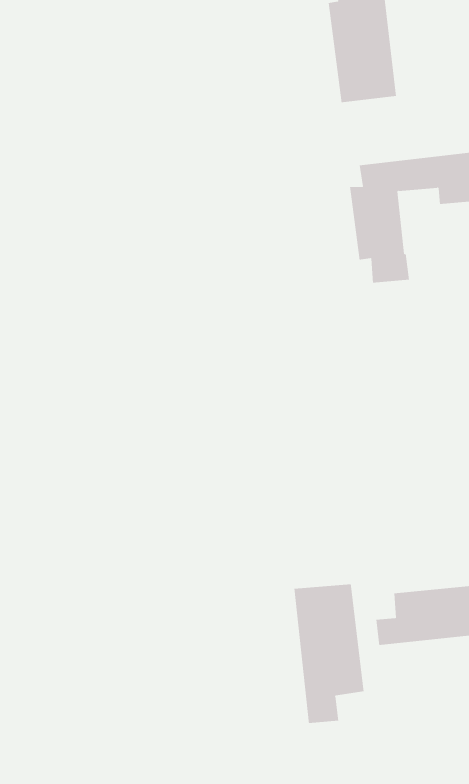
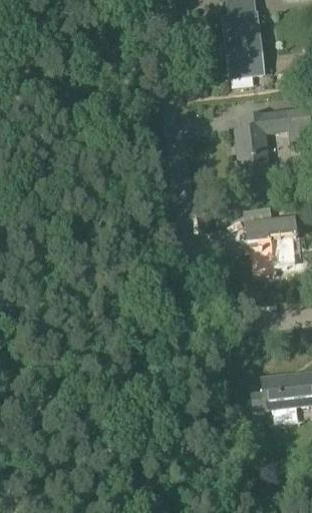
building: none -> [246,218,296,272]
building: [294,584,364,724] -> none

